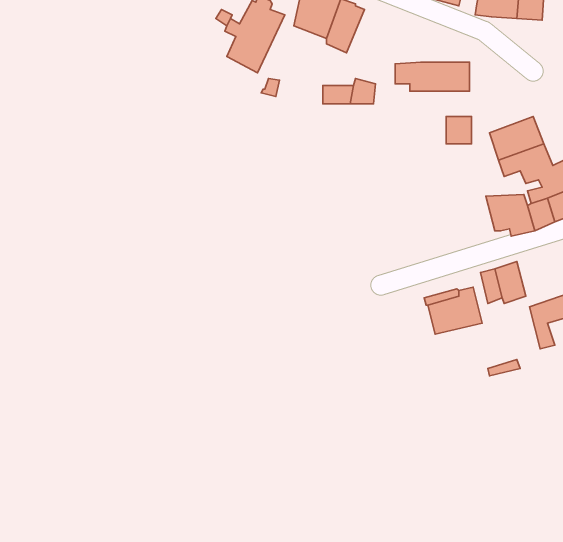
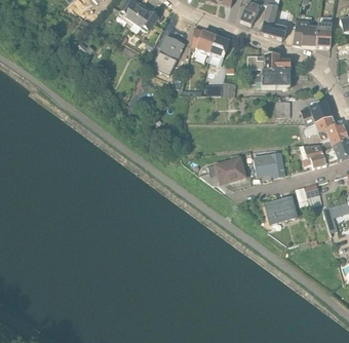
building: none -> [247,54,289,70]
building: none -> [200,153,246,186]
building: none -> [253,153,284,178]

